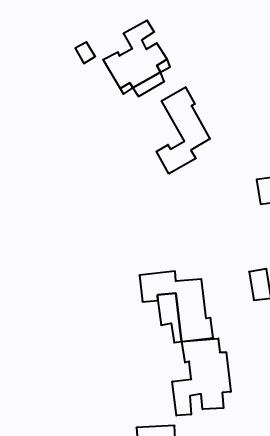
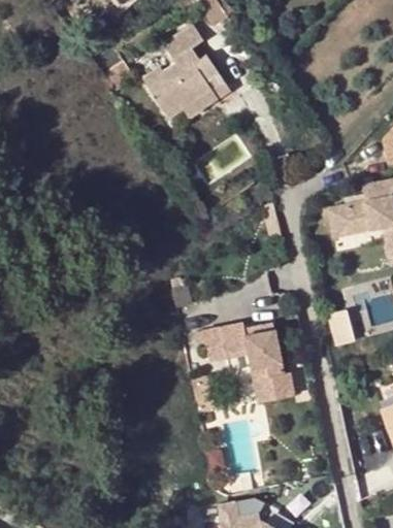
building: [156,87,210,174] -> none
building: [172,338,231,416] -> none

